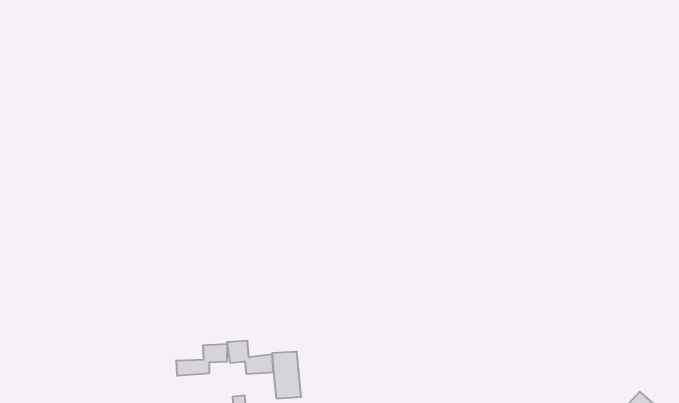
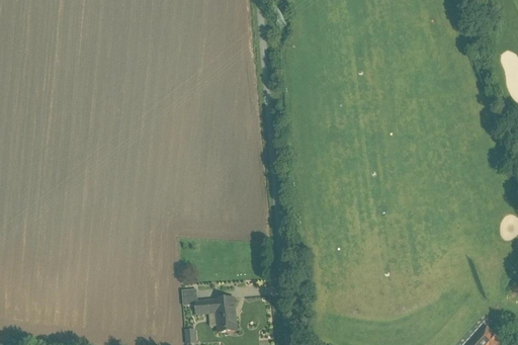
building: [176,344,227,376] -> none

